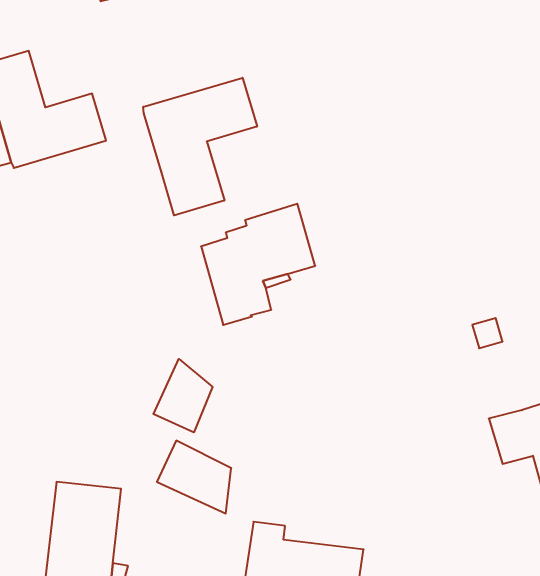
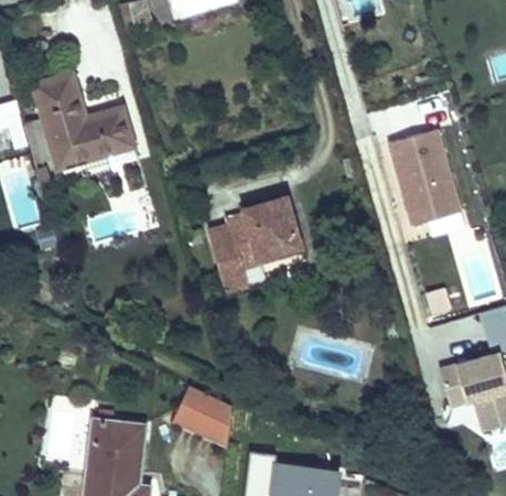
building: [143,78,257,215] -> none
building: none -> [389,129,461,224]
building: [153,359,213,432] -> none

